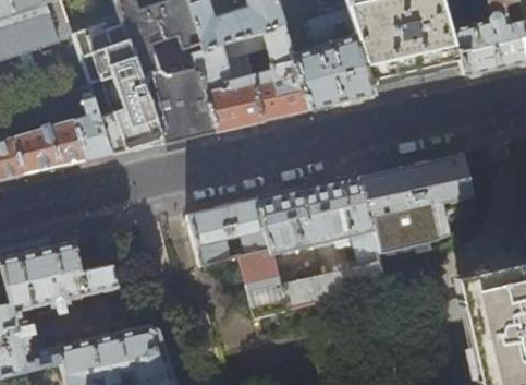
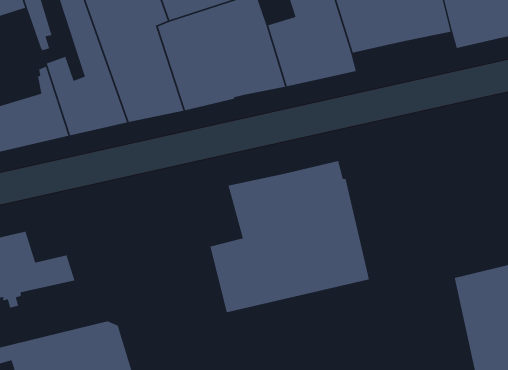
building: [357,154,475,253] -> none
building: [188,200,269,265] -> none

